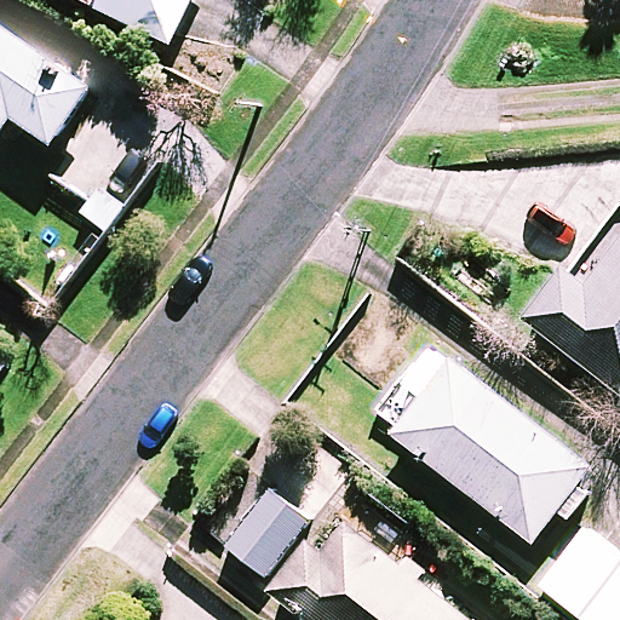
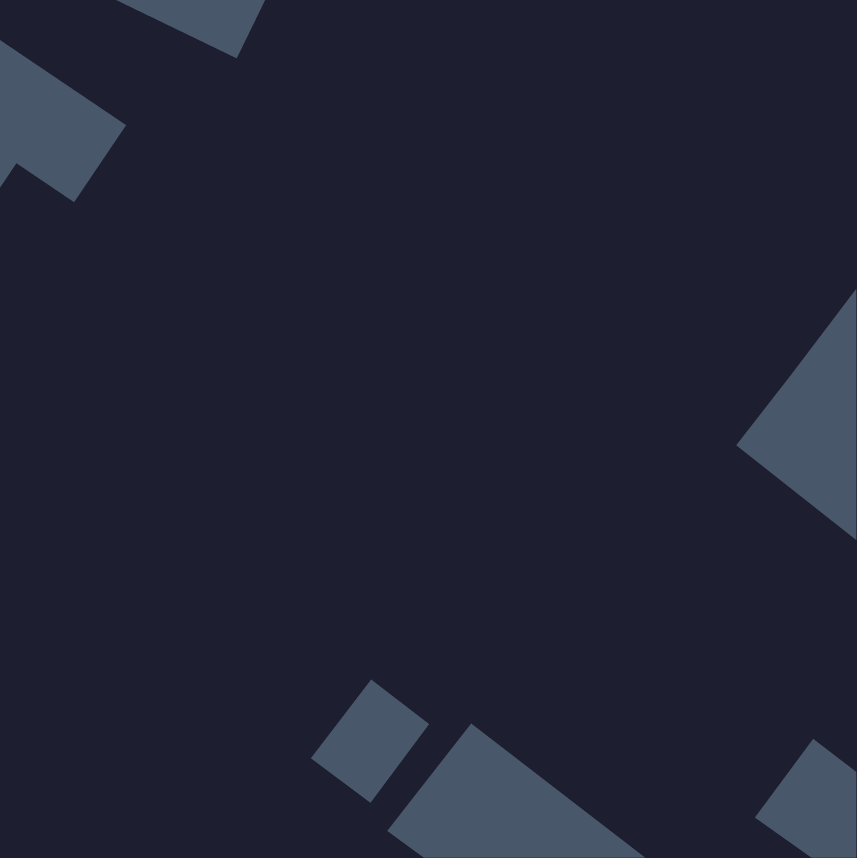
building: [375,345,591,542] -> none

